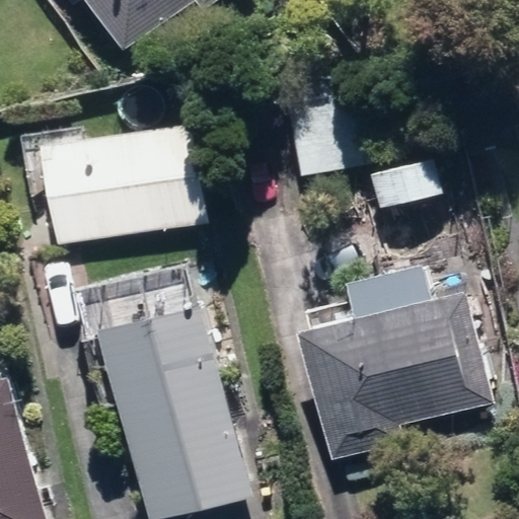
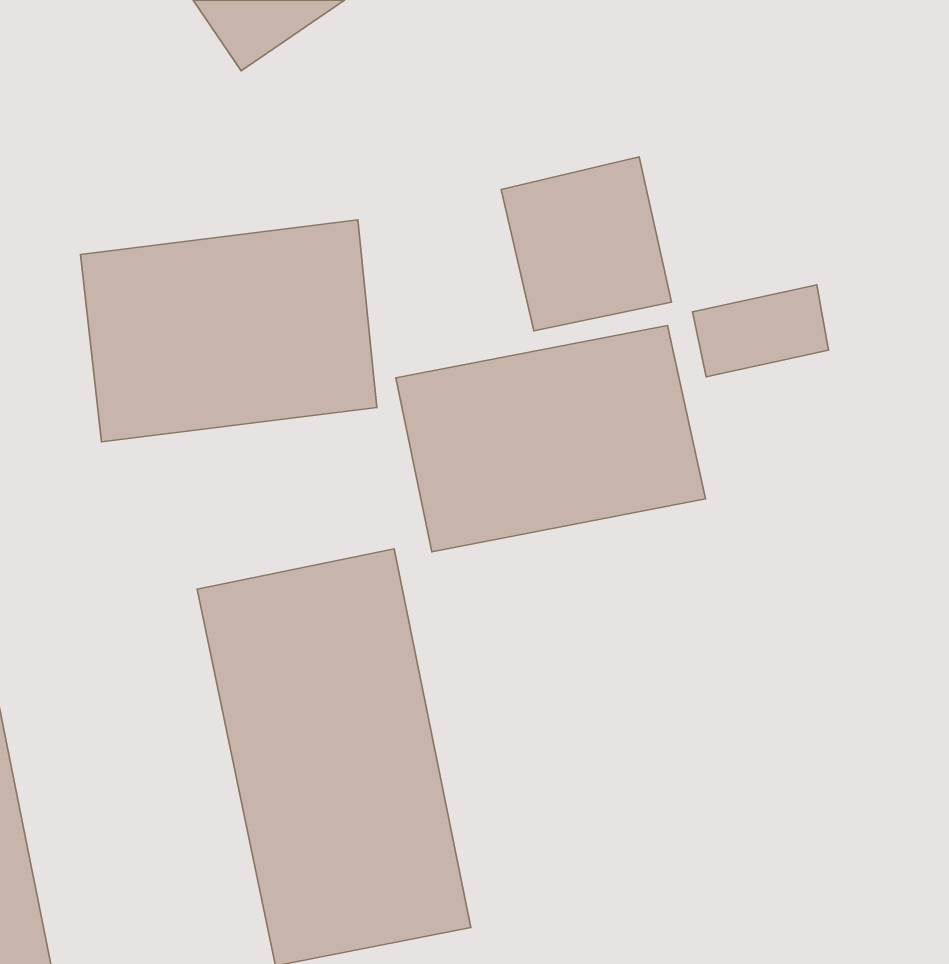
building: none -> [396,325,705,552]
building: [307,295,483,453] -> none

